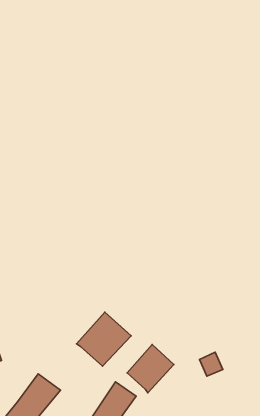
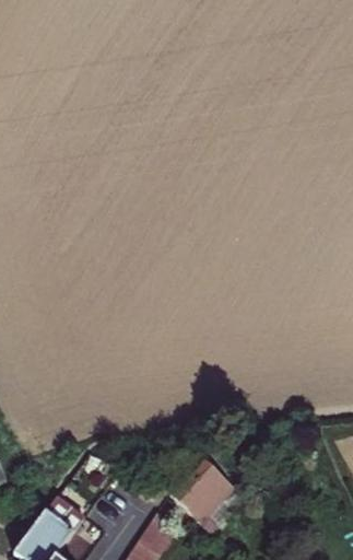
building: [76,312,131,366] -> none

